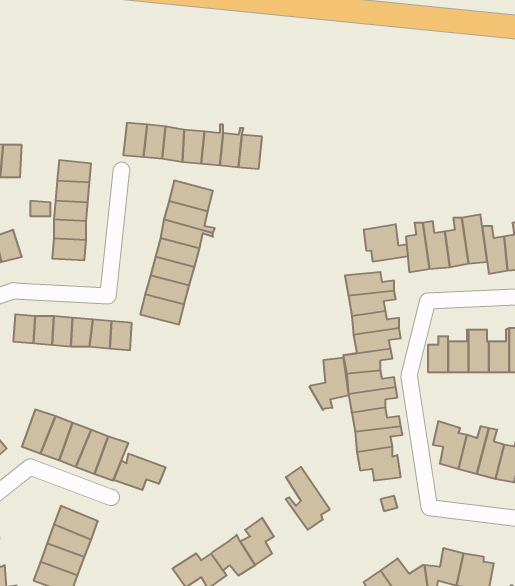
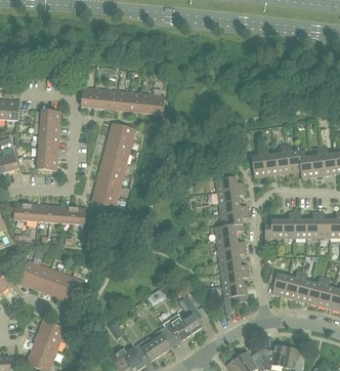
building: [364,224,408,262] -> none
building: [309,357,349,410] -> none
building: [114,454,166,490] -> none
building: none -> [163,312,193,339]

